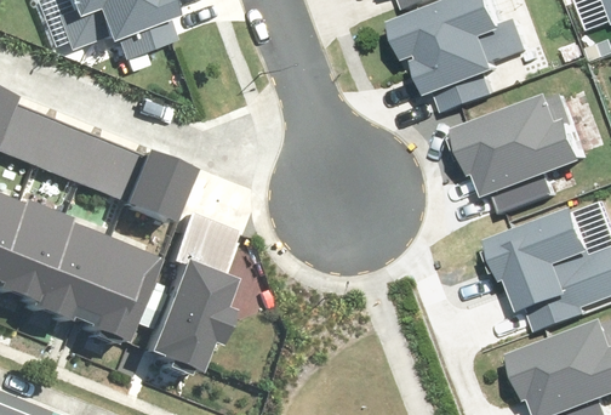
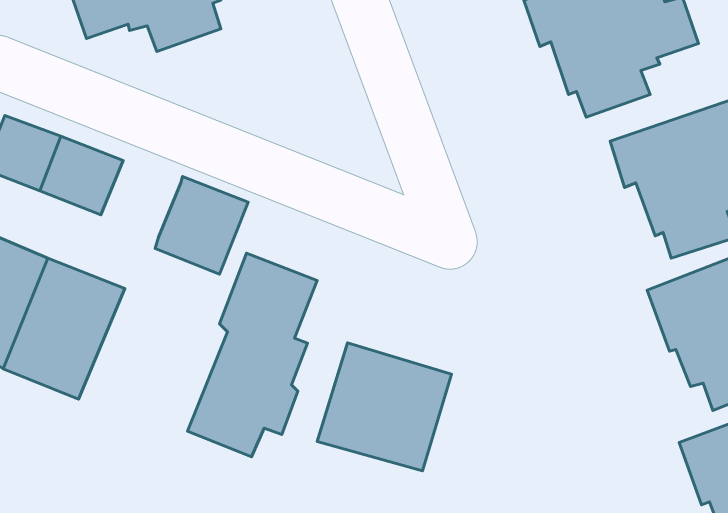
building: [76,137,137,195] -> none
building: [59,234,152,341] -> none
building: none -> [317,343,452,471]

